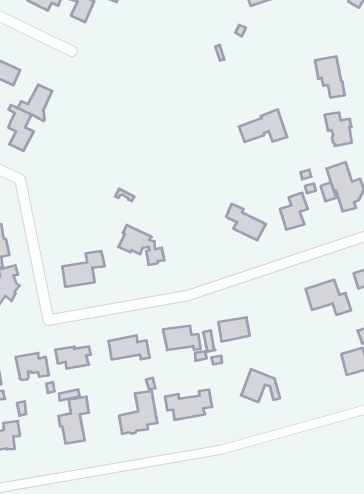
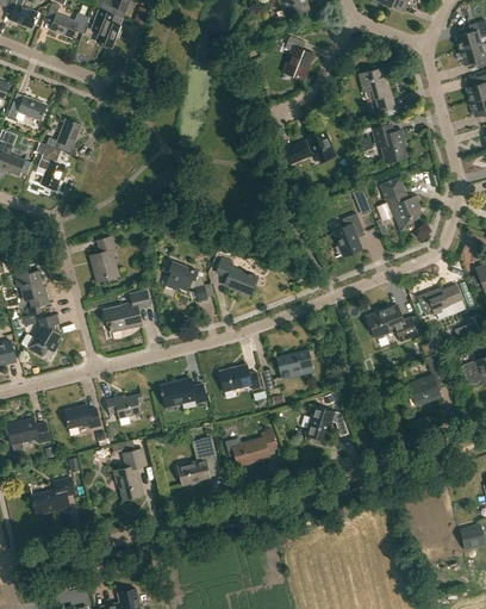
building: none -> [284,36,313,79]
building: none -> [89,237,118,281]
building: [226,204,266,240] -> [216,257,258,294]

